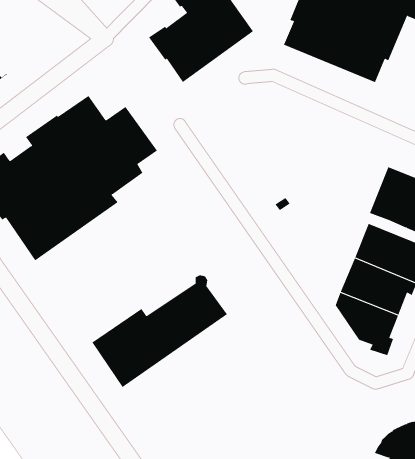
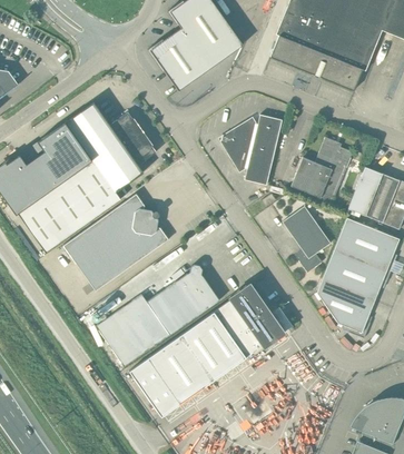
building: none -> [220,114,283,185]
building: none -> [292,136,354,204]
building: none -> [63,193,169,290]
building: none -> [283,205,332,272]
building: none -> [129,285,289,416]

